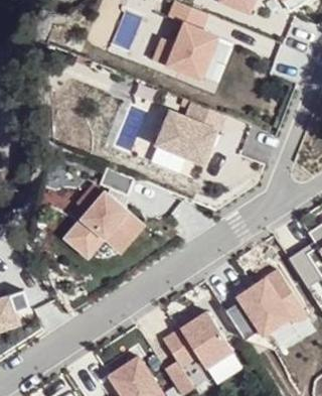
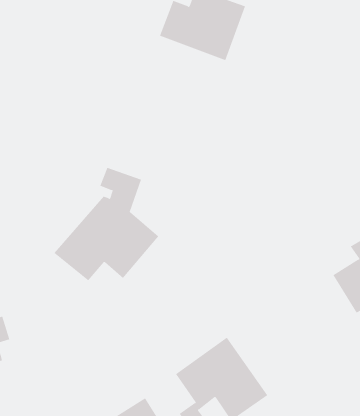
building: [155,103,223,164] -> none
building: [229,270,308,341] -> none

